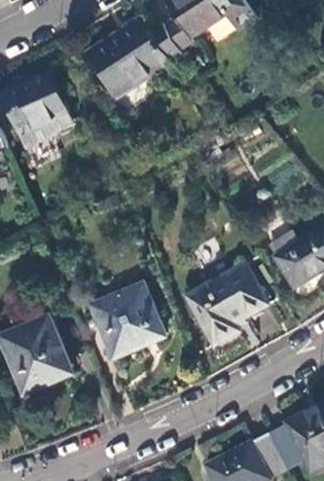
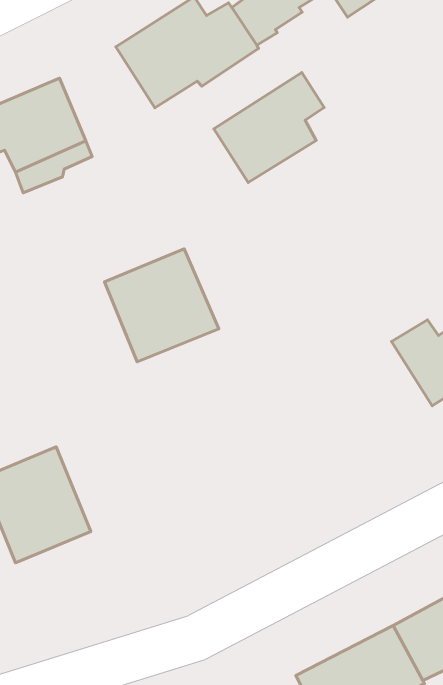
building: none -> [214,73,324,183]
building: [186,263,267,345] -> none
building: [89,282,165,356] -> [104,249,219,362]

